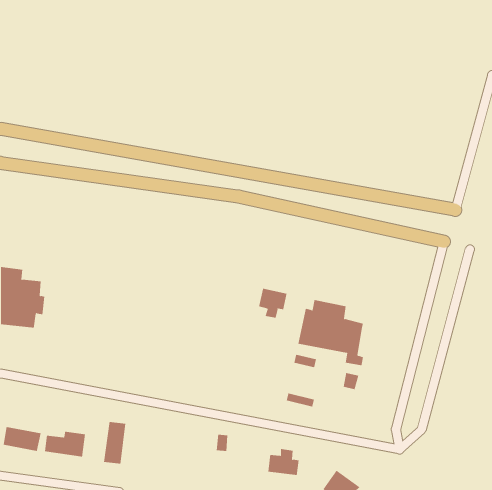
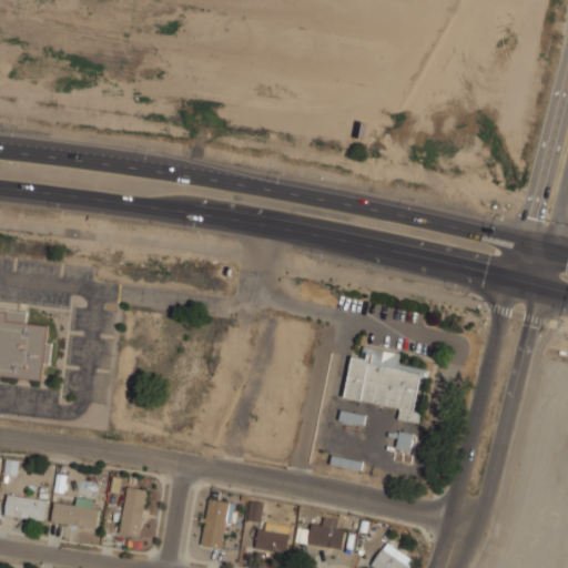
building: [258,288,287,319] -> none
building: none -> [202,500,230,550]
building: none -> [255,530,290,555]

